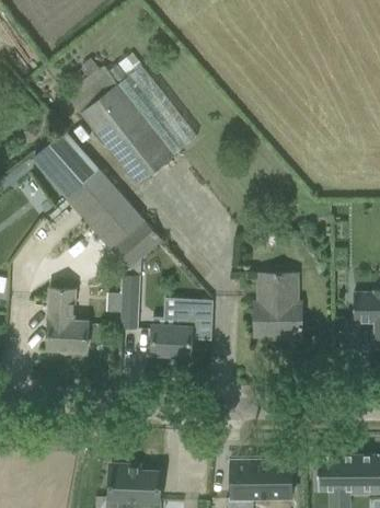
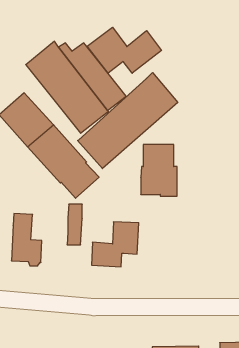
building: none -> [87,27,161,73]
building: none -> [78,73,178,169]
building: [254,273,301,339] -> [141,145,177,196]

